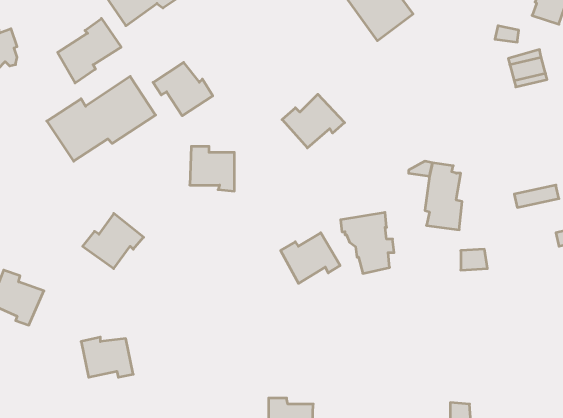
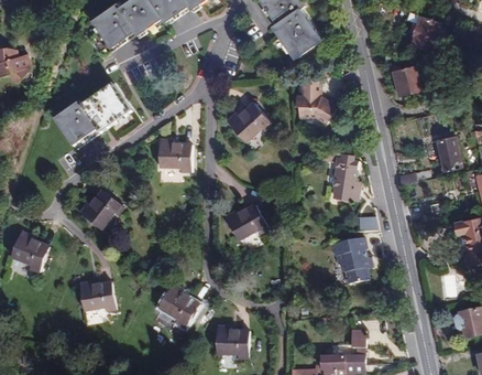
building: [58,18,121,83] -> none
building: [153,62,213,116] -> none
building: none -> [294,78,336,122]
building: [341,212,394,273] -> [330,236,370,281]
building: none -> [158,282,198,328]

